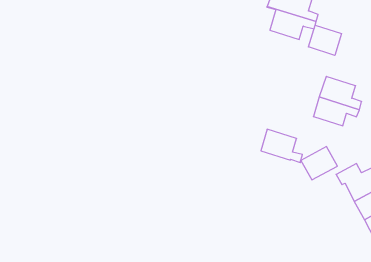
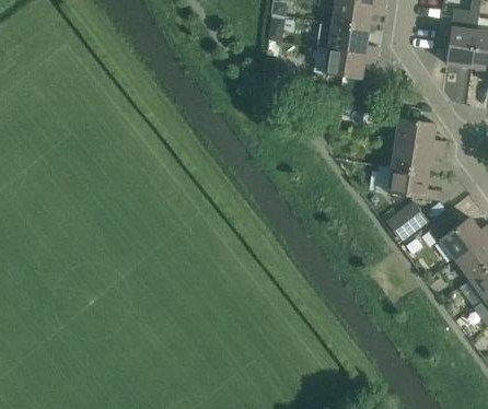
building: [308,25,342,55] -> none
building: [261,129,302,163] -> [387,167,437,200]

